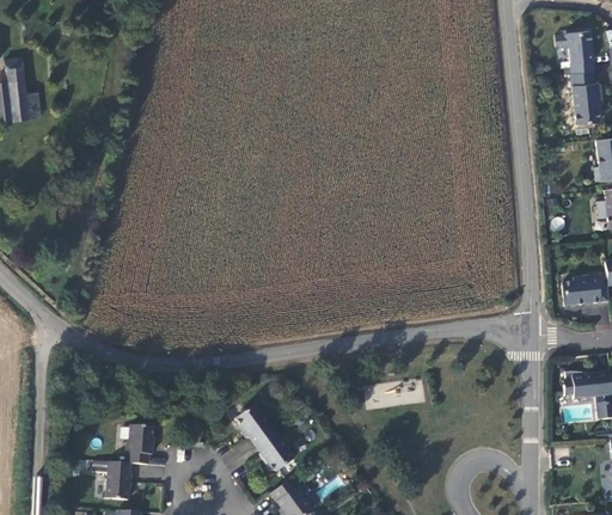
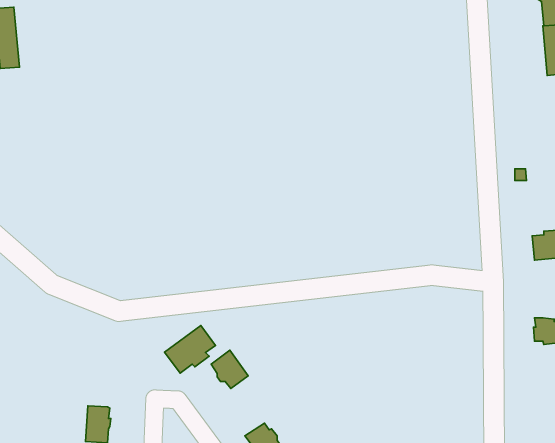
building: none -> [165,326,215,373]
building: [123,425,151,465] -> none
building: [253,430,292,470] -> none

